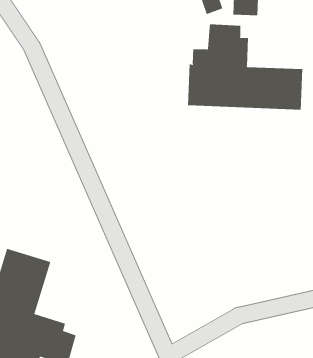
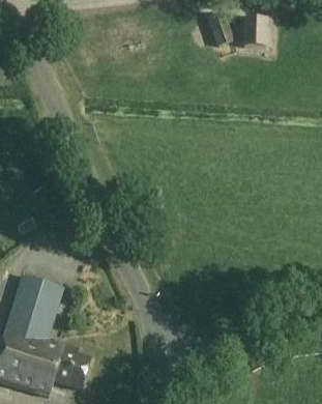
building: [187,23,303,110] -> none

